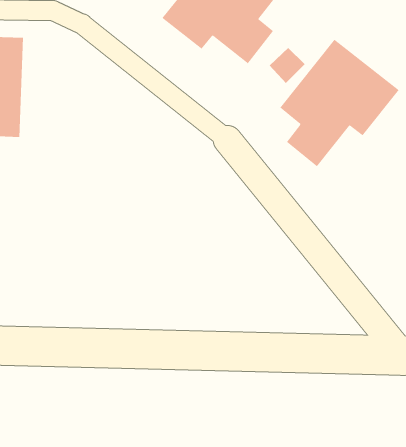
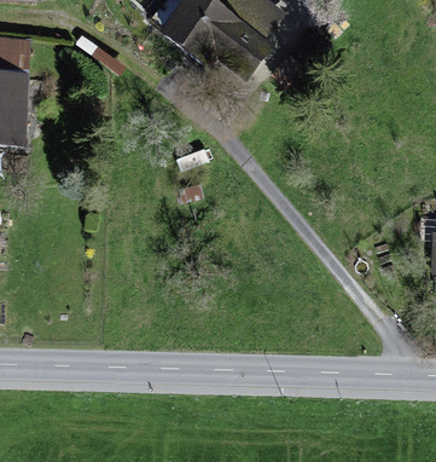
building: [279,39,400,167] -> none

